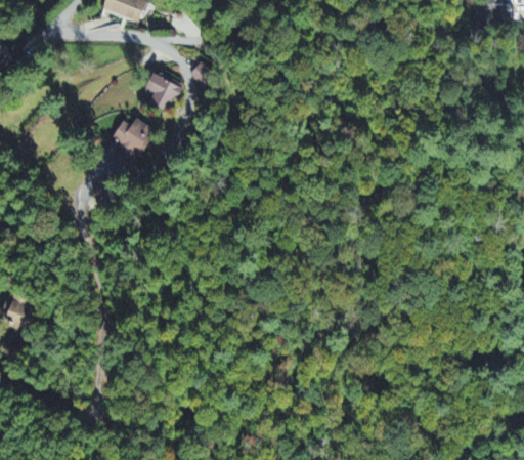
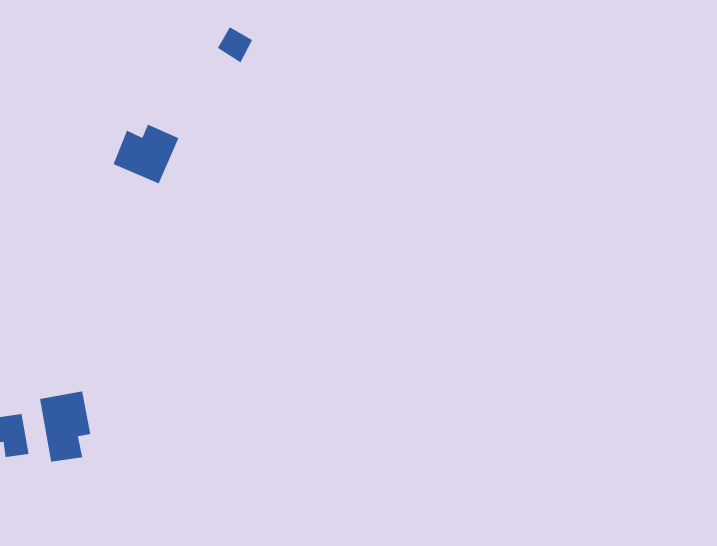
building: [144,73,182,111] -> none
building: none -> [39,391,91,462]

